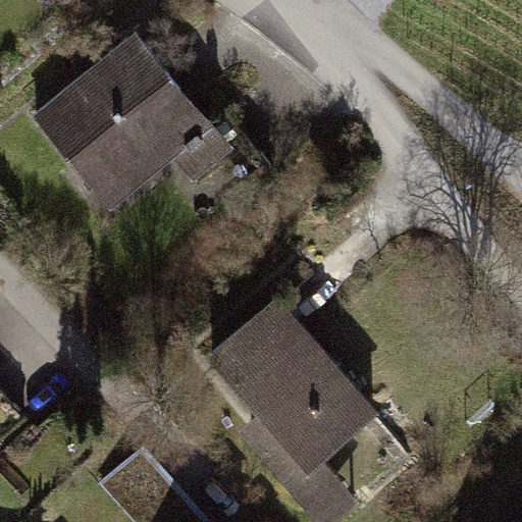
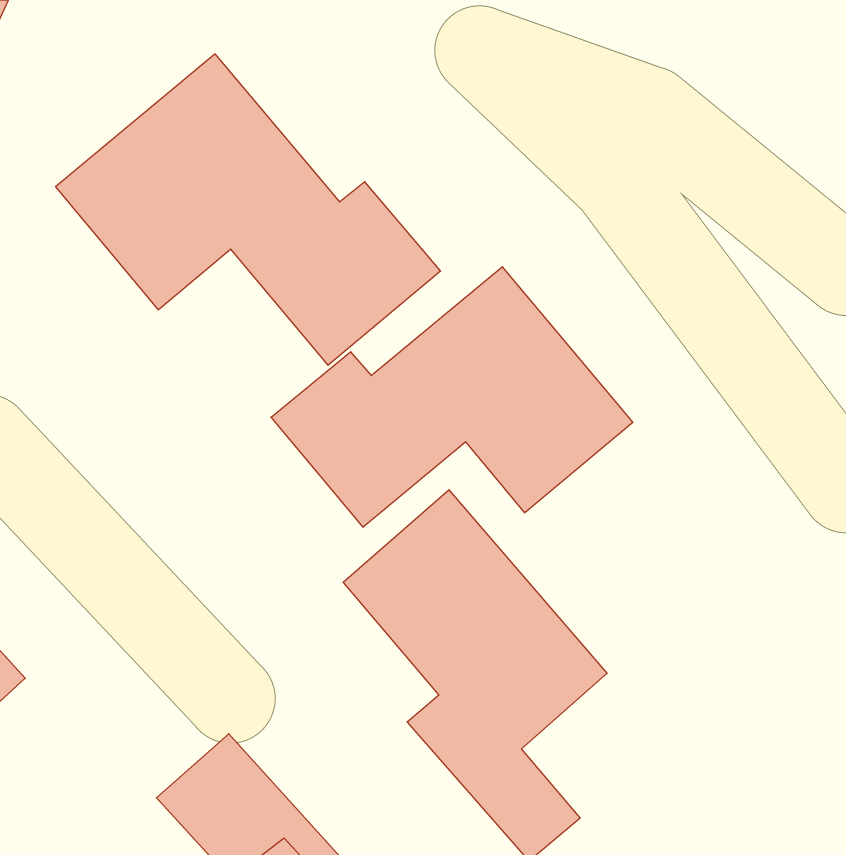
building: none -> [271,267,633,527]

